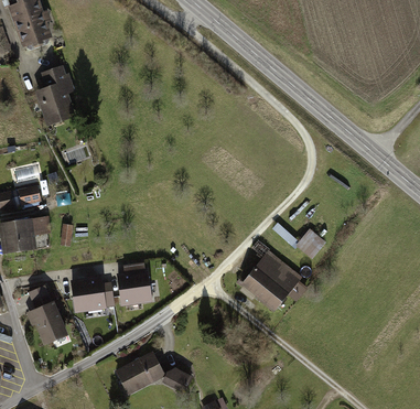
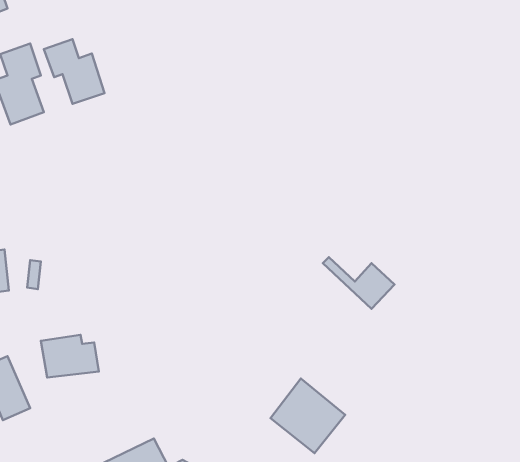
building: none -> [44,39,104,104]
building: [243,255,297,309] -> [270,378,345,453]
building: [117,265,150,303] -> none

